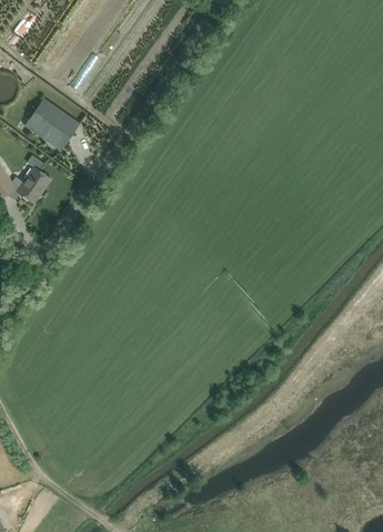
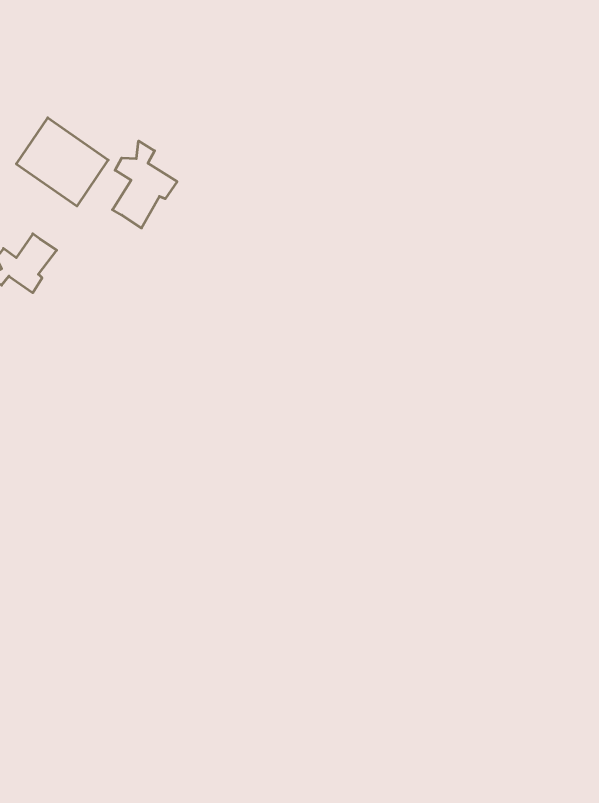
building: none -> [112,141,177,228]

